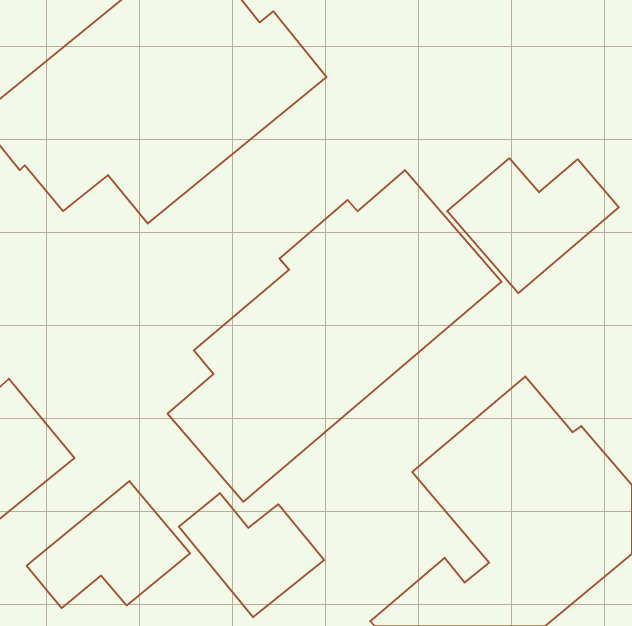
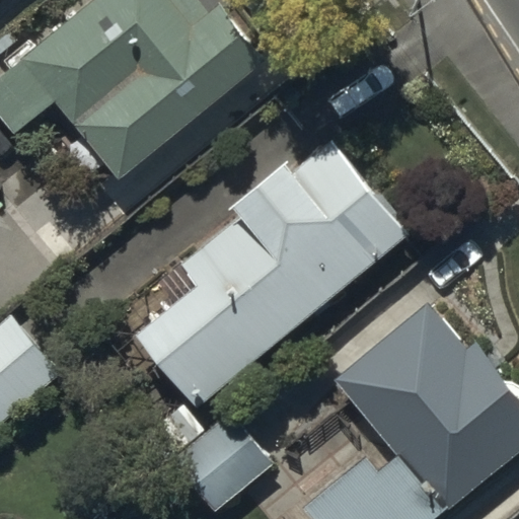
building: [447,158,619,293] -> none
building: [27,481,190,608] -> none

